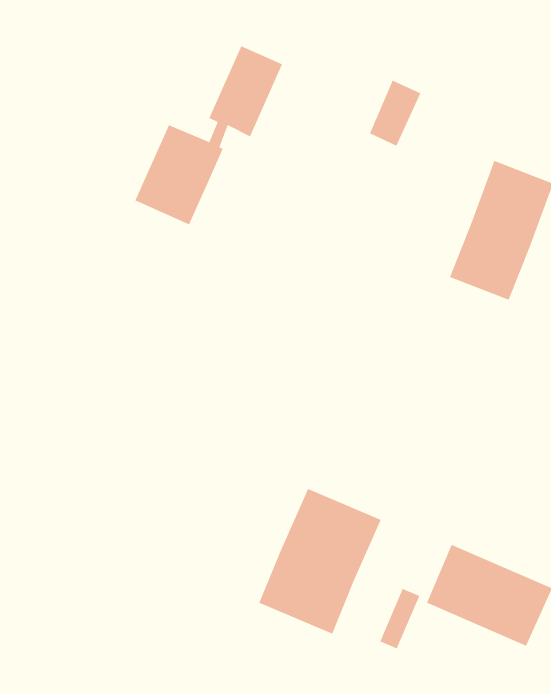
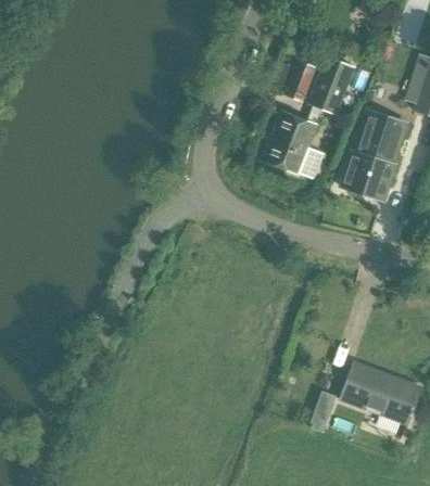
building: [135,45,283,225] -> [263,54,355,174]
building: [259,488,382,635] -> none

